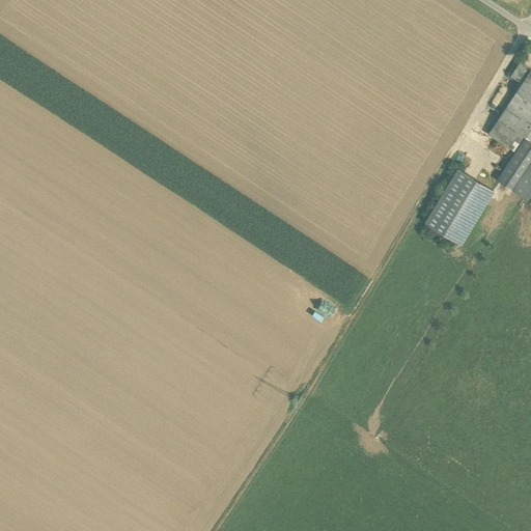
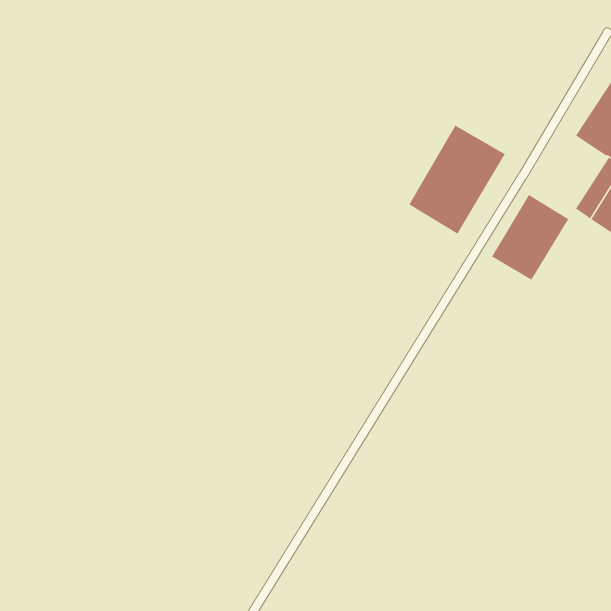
building: none -> [408,125,506,234]
building: [488,118,524,151] -> none

